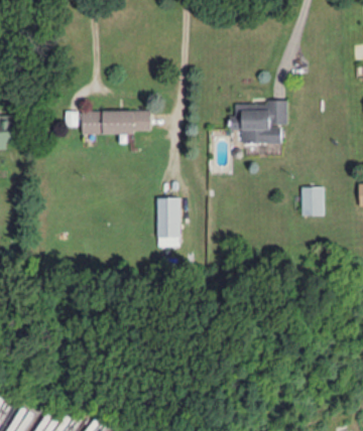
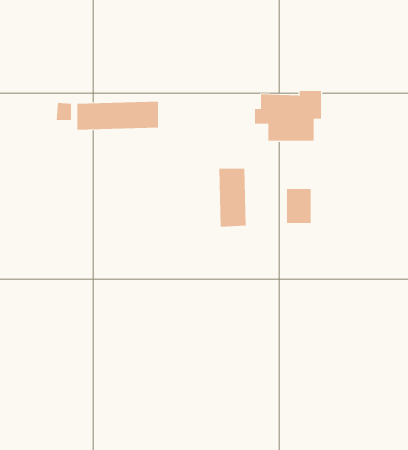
building: [301,186,323,216] -> [286,189,311,224]
building: [156,197,179,247] -> [219,168,246,227]

